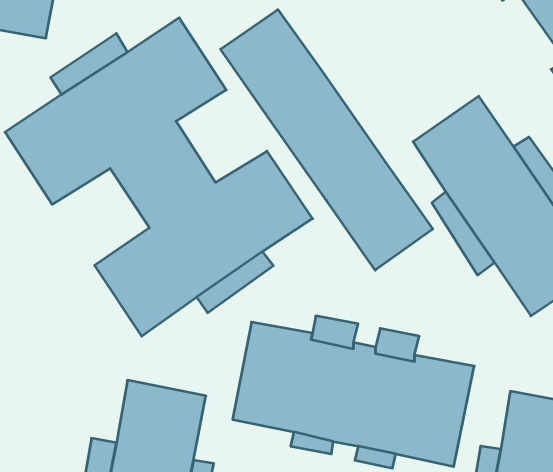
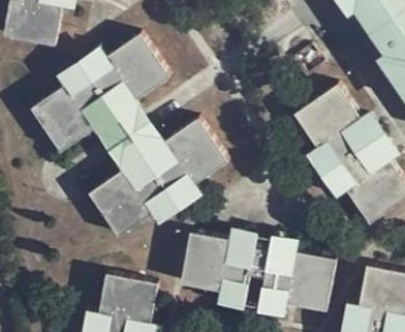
building: [221,10,433,270] -> none

